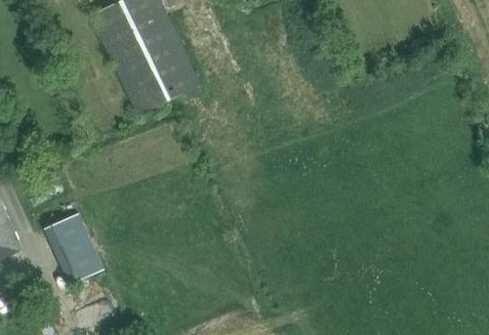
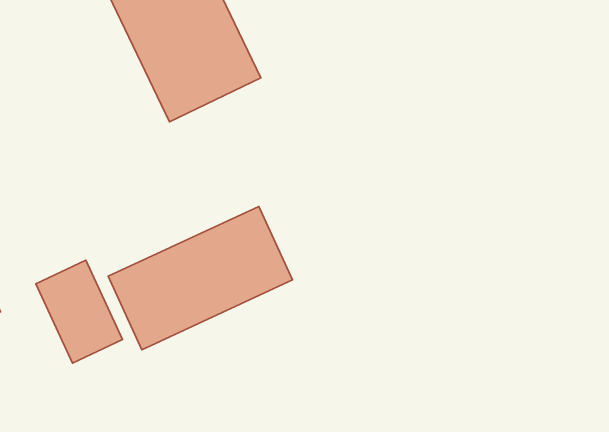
building: none -> [108,206,293,350]

